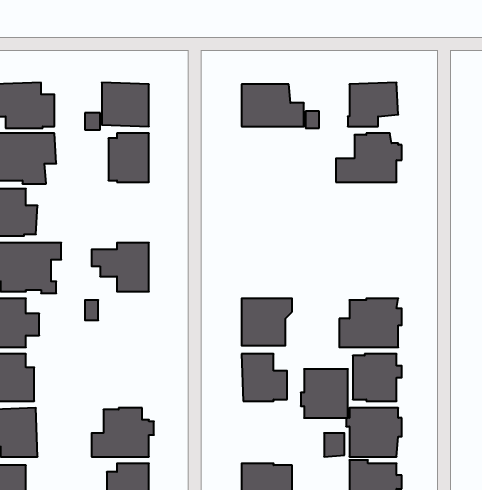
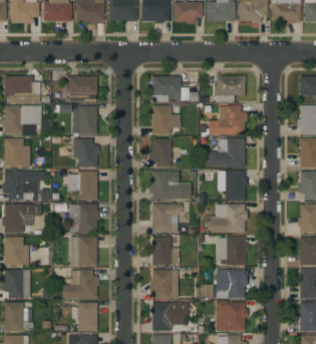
building: none -> [151,105,180,134]
building: none -> [72,138,99,166]
building: none -> [149,138,172,166]
building: none -> [208,138,244,166]
building: none -> [149,170,181,200]
building: none -> [218,170,247,200]
building: none -> [69,204,99,233]
building: none -> [70,237,96,266]
building: [301,369,348,418] -> [149,269,178,298]

